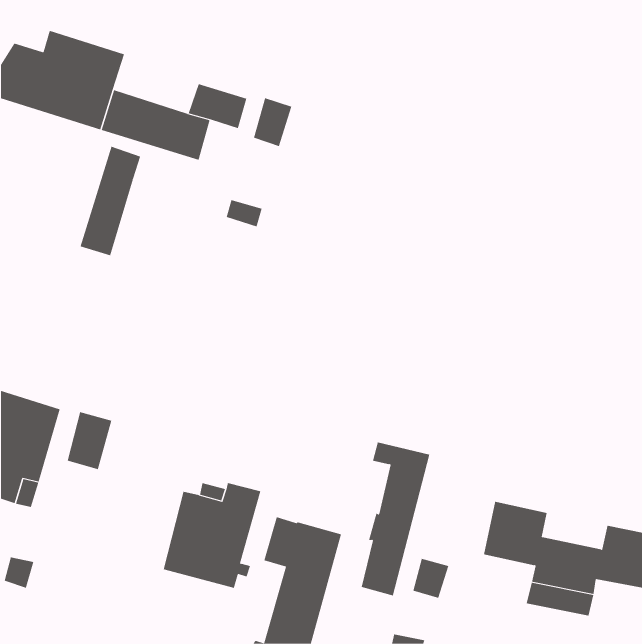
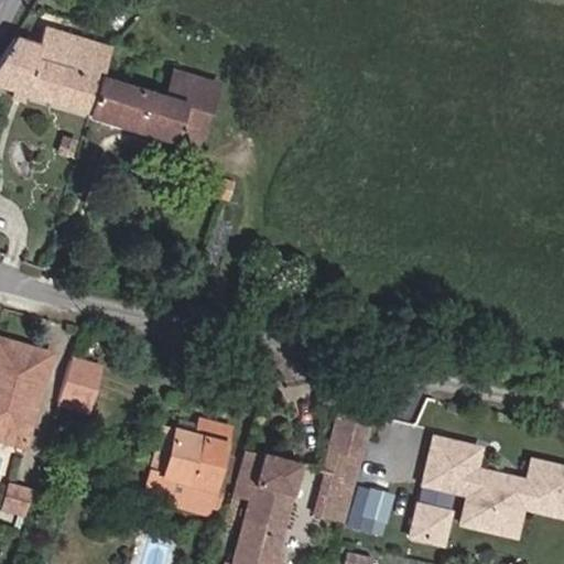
building: [253,98,292,147] -> [176,105,210,148]
building: [80,146,141,256] -> none
building: none -> [413,505,451,543]

